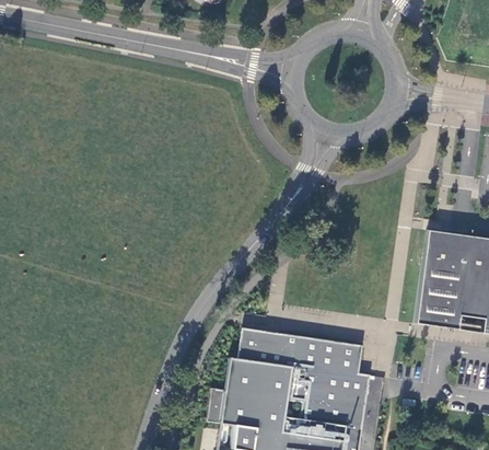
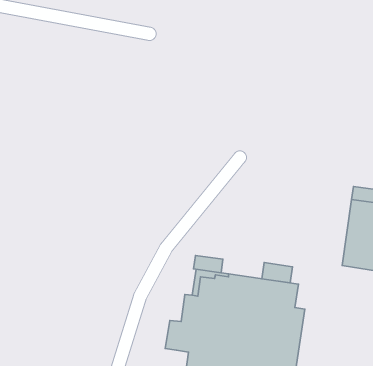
building: none -> [194,255,223,273]
building: none -> [262,263,292,283]

